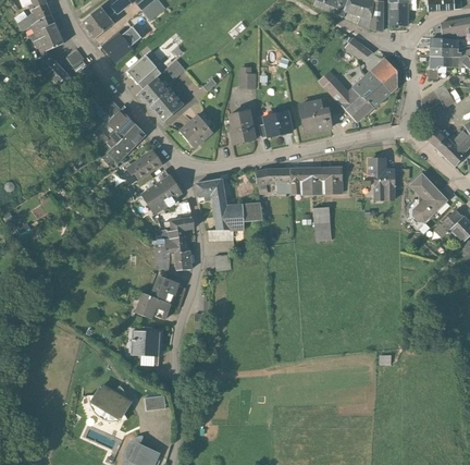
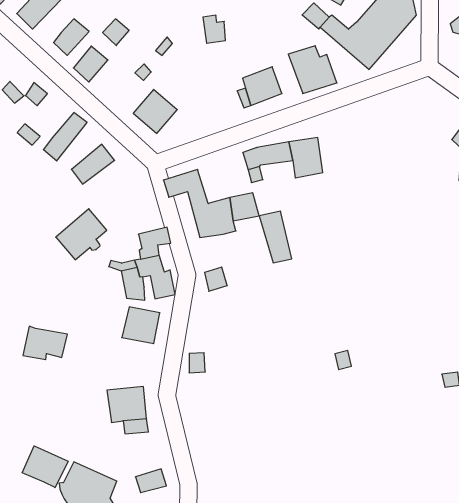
building: [150,87,183,120] -> none
building: [109,110,136,140] -> none
building: [228,110,253,139] -> none
building: [312,167,342,194] -> none
building: [374,170,394,201] -> none
building: [144,176,182,212] -> [56,209,107,260]
building: [312,209,332,246] -> [259,211,292,263]
building: [136,292,171,318] -> [23,326,67,360]
building: none -> [22,446,68,488]

